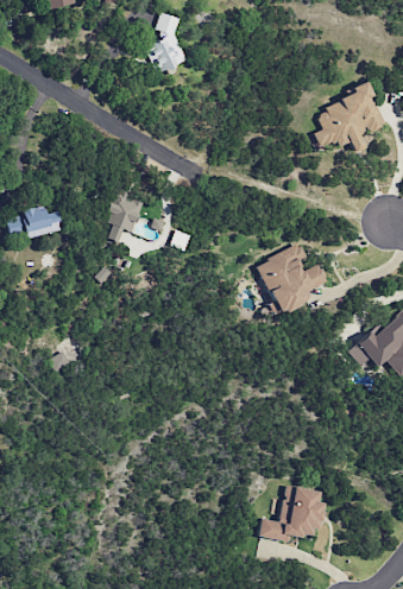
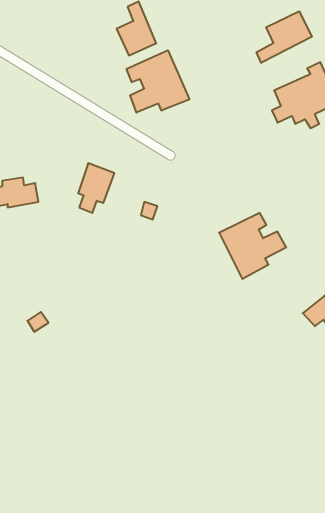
building: none -> [257,11,312,63]
building: none -> [127,50,189,113]
building: [258,484,321,543] -> none

